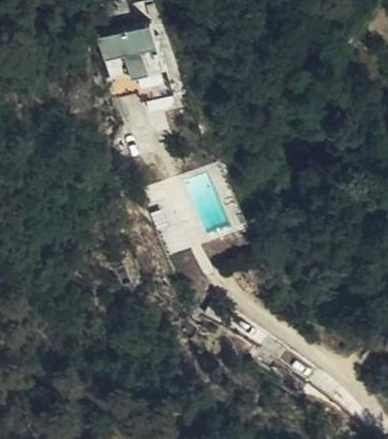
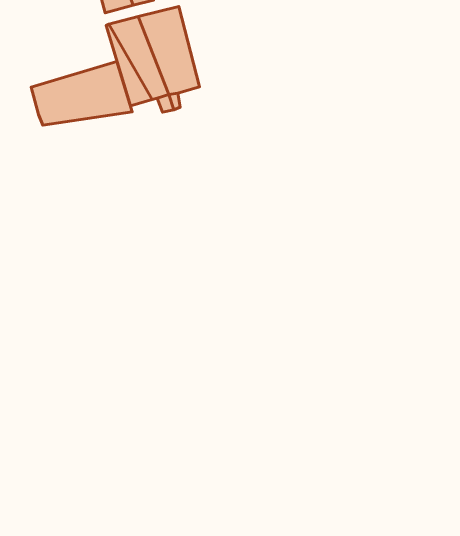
building: none -> [31,61,132,125]

